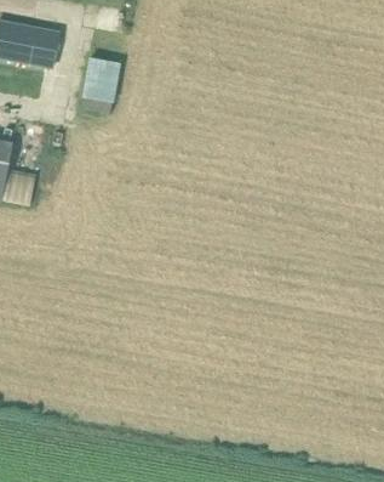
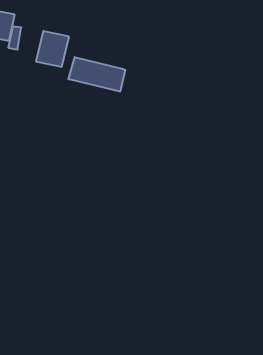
building: none -> [68,57,125,92]

